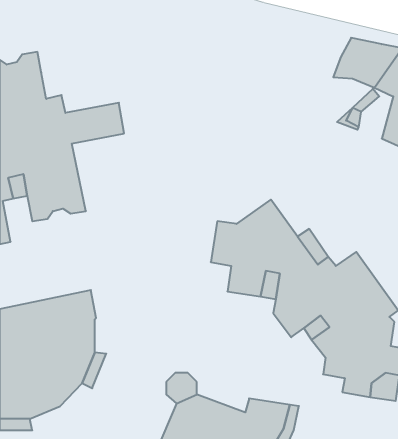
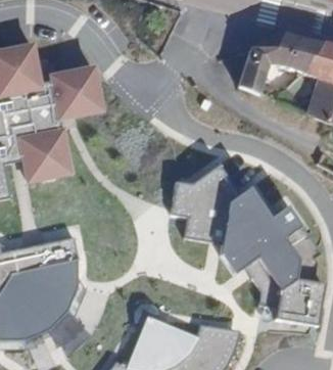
building: none -> [237,33,283,94]
building: none -> [35,58,97,93]

